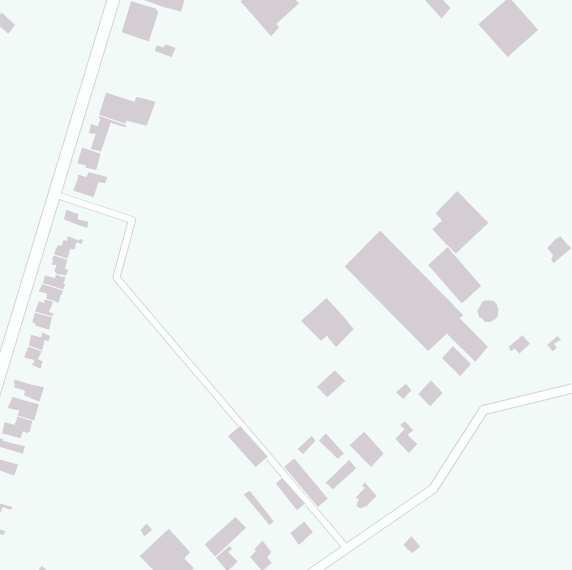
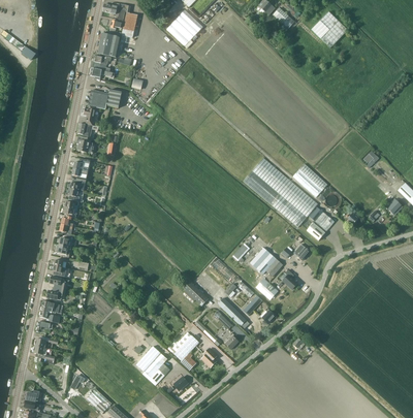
building: none -> [89,55,116,79]
building: [431,190,489,255] -> none
building: [300,297,355,348] -> [249,247,282,277]

